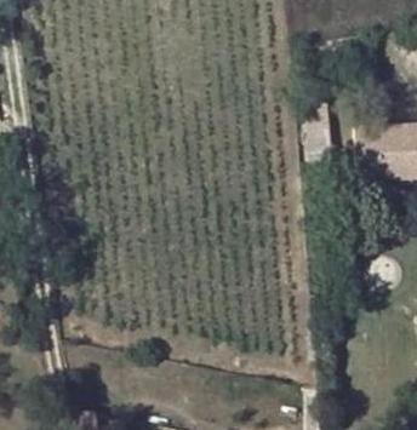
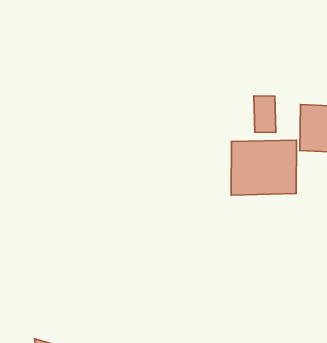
building: none -> [231,140,297,195]

